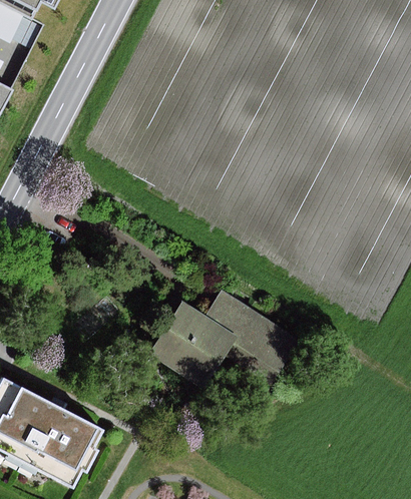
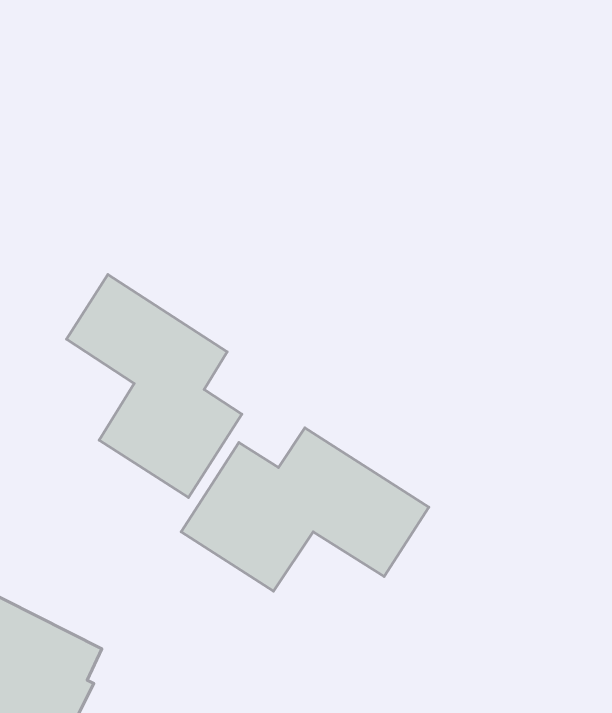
building: none -> [66,275,242,498]

